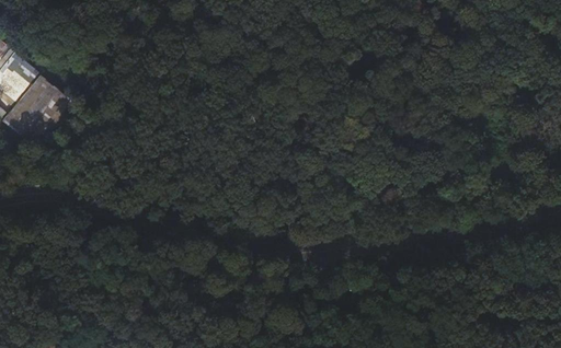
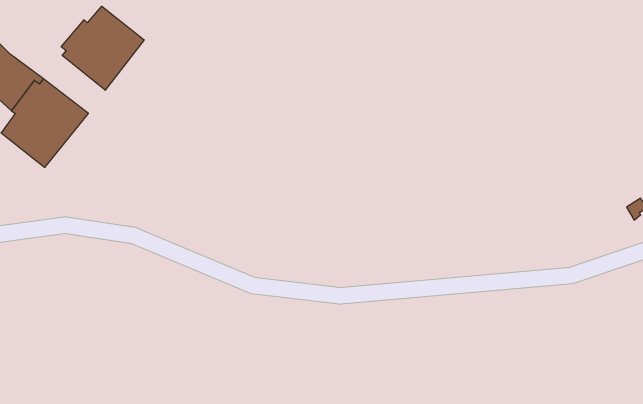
building: none -> [61,6,144,90]

